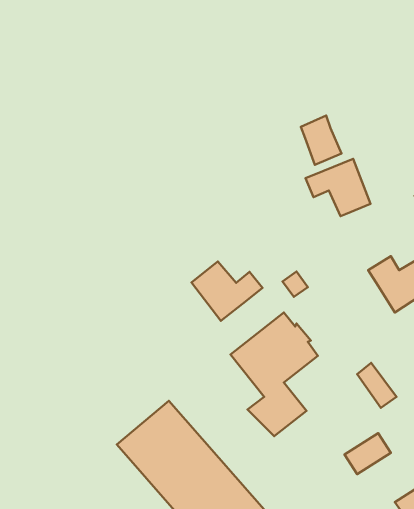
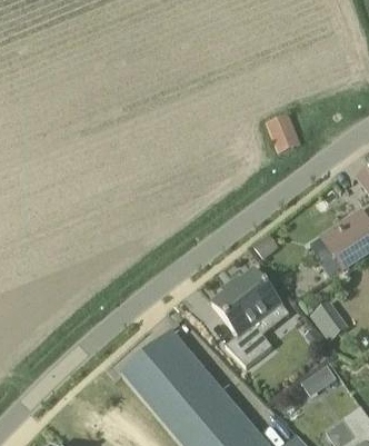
building: [305,159,371,216] -> none
building: [191,262,263,321] -> none

